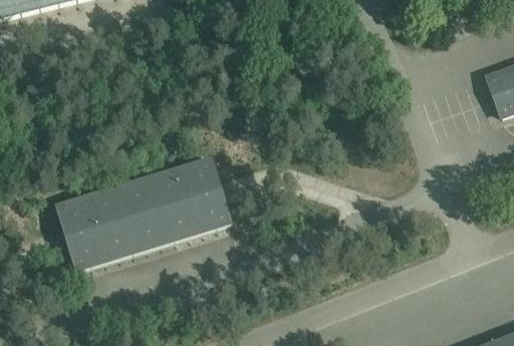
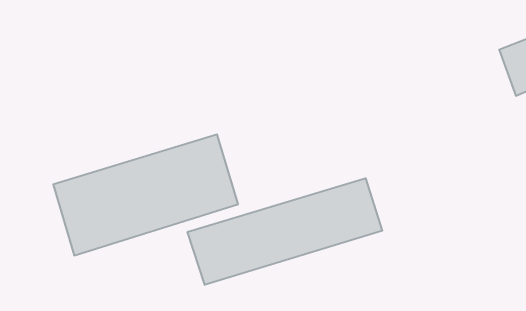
building: none -> [188,178,382,285]

